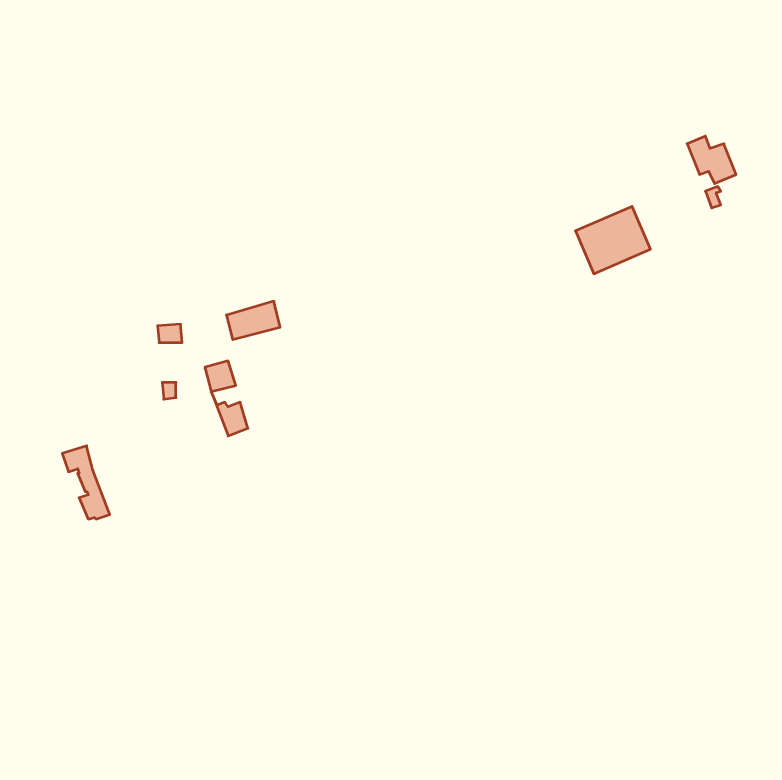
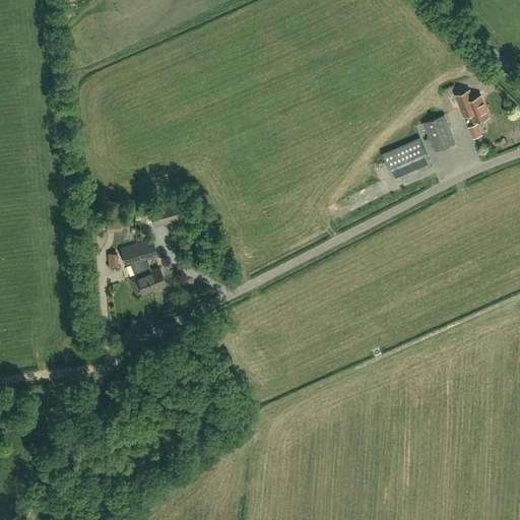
building: none -> [424,116,455,151]
building: [62,446,110,519] -> [120,245,151,294]

